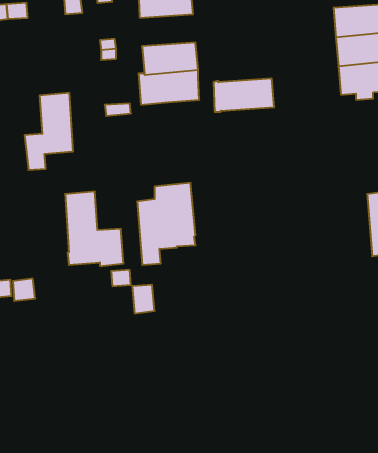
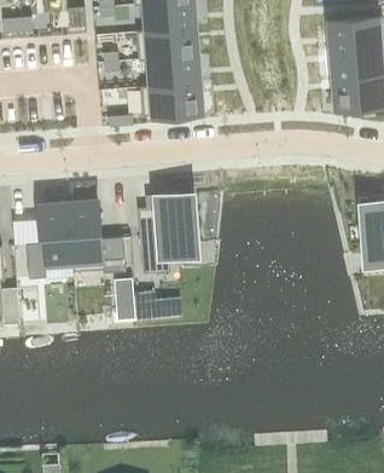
building: [213,78,274,112] -> [136,28,196,60]
building: [25,93,73,170] -> [25,203,72,278]

